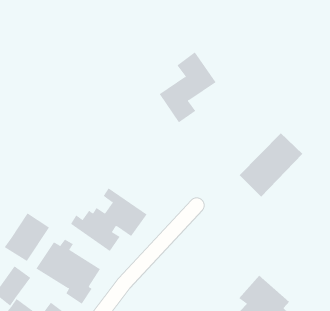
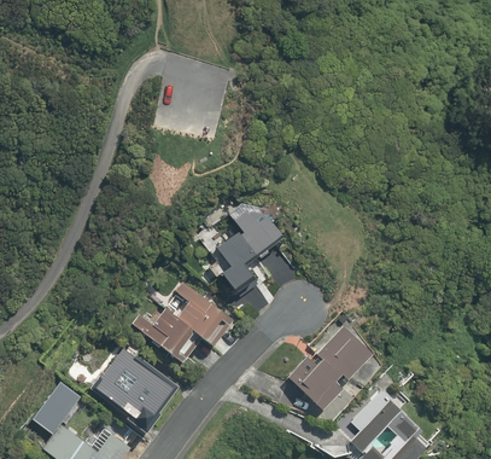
building: [159,52,217,123] -> [207,196,282,289]
building: [239,132,303,197] -> [292,324,375,408]
building: [4,213,50,262] -> none

